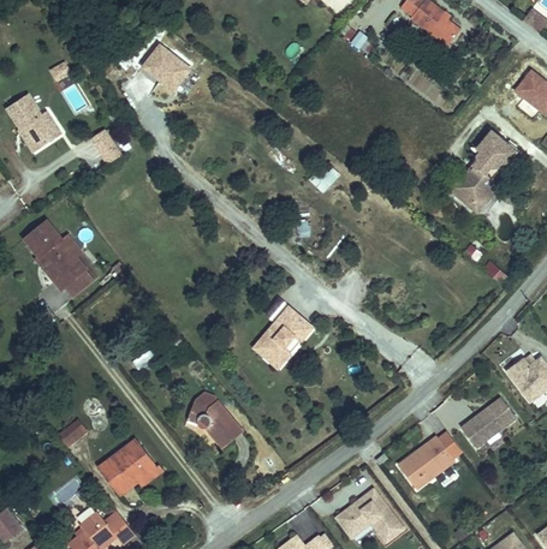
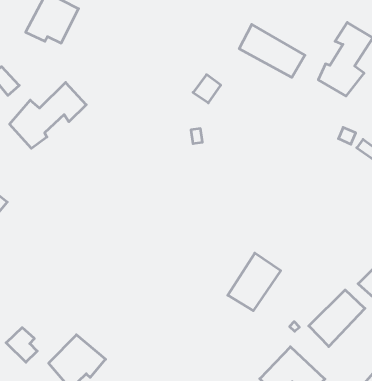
building: none -> [239,24,305,77]
building: none -> [10,82,86,148]
building: [252,304,316,369] -> [228,253,281,311]
building: [188,390,245,449] -> none

